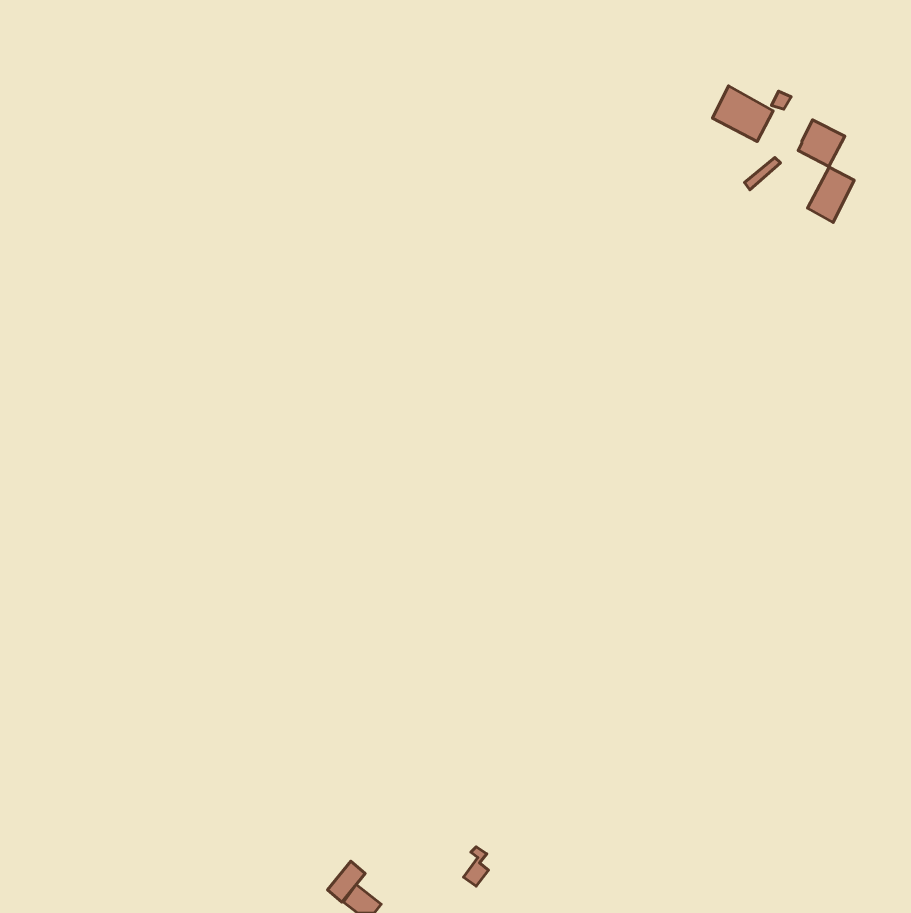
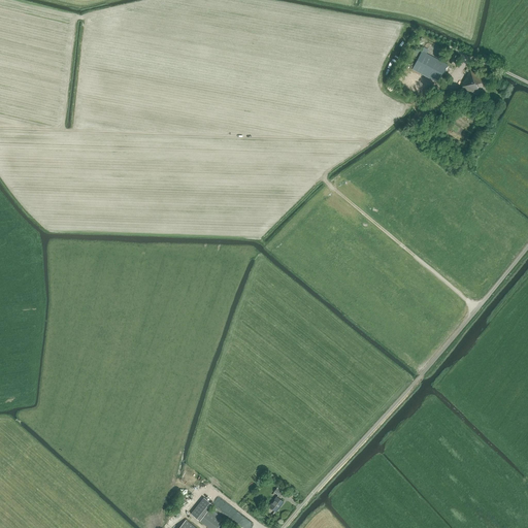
building: [807,167,854,222] -> none

